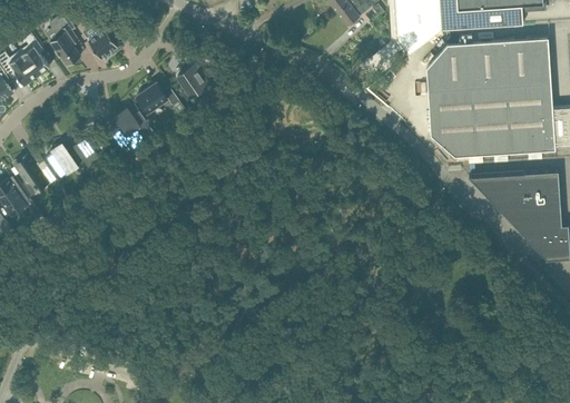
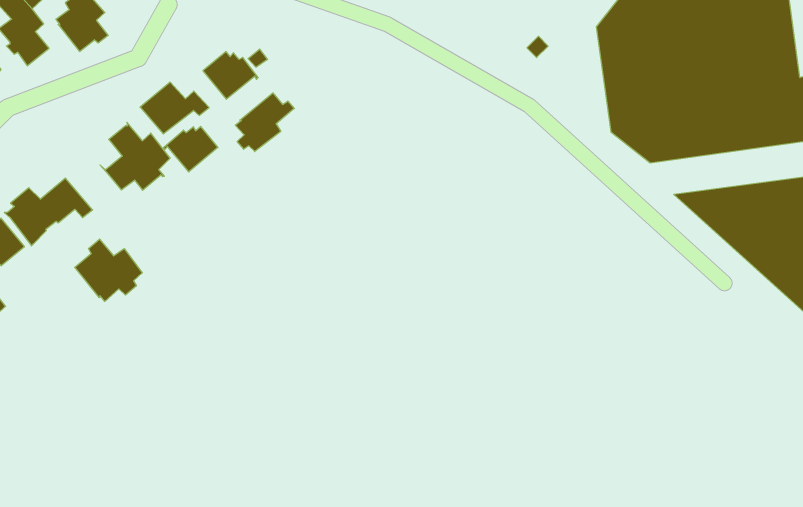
building: none -> [235,93,294,152]
building: none -> [164,126,218,172]
building: none -> [75,239,142,301]

